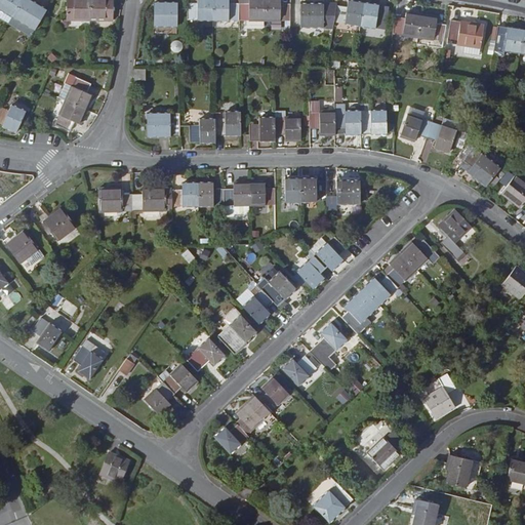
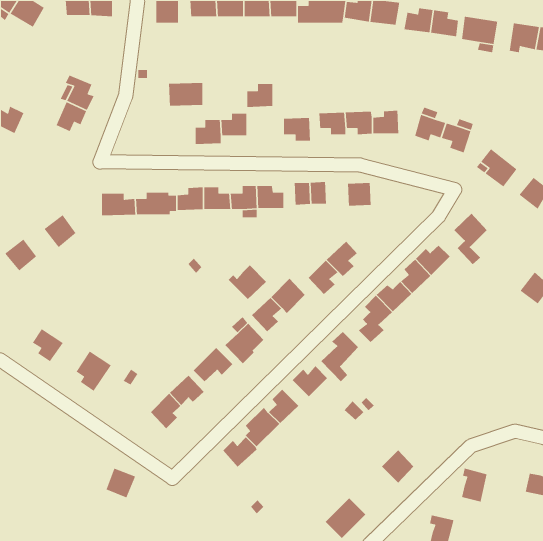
building: [146,113,179,136] -> [168,82,203,107]
building: [248,117,274,140] -> [246,83,273,108]
building: none -> [228,265,267,300]
building: [425,372,456,416] -> none

